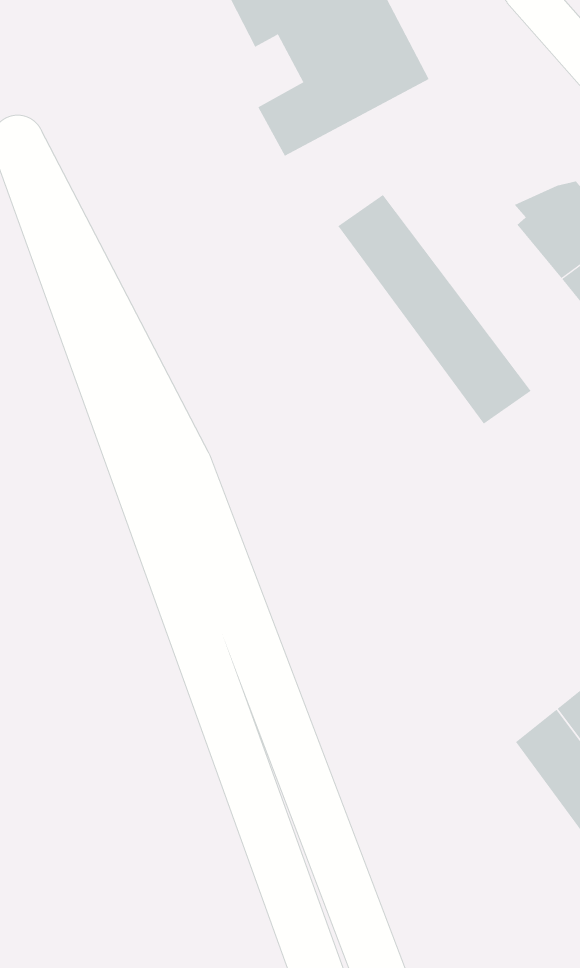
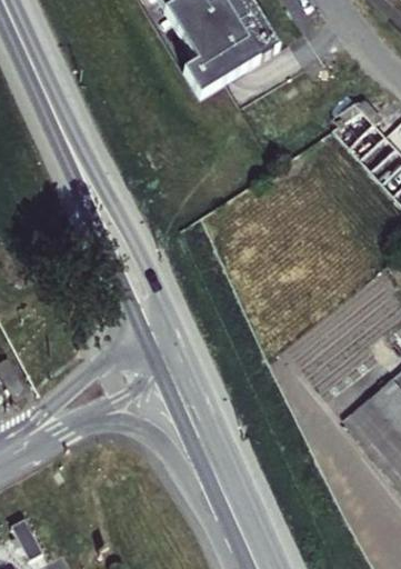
building: [338,194,532,424] -> none

